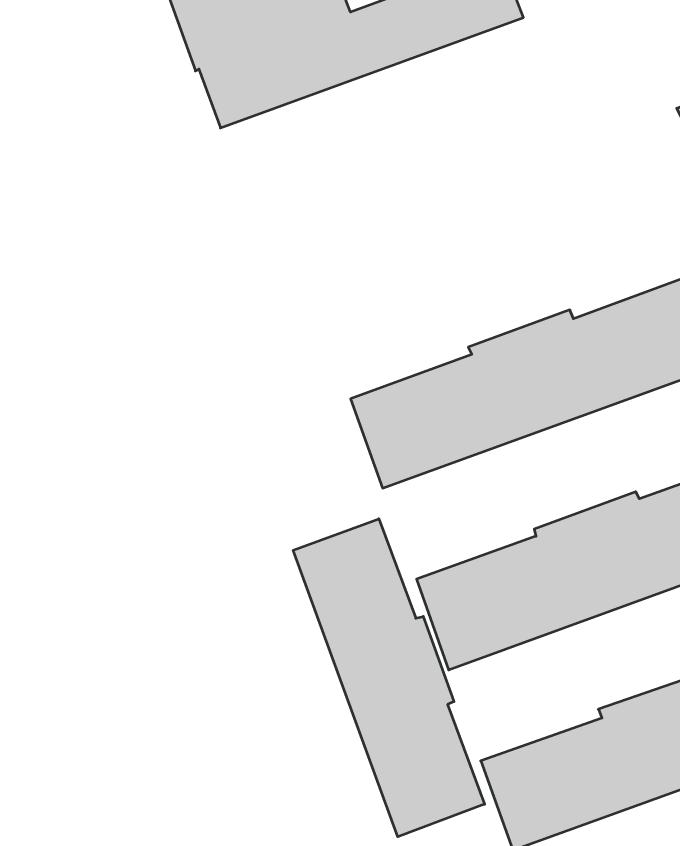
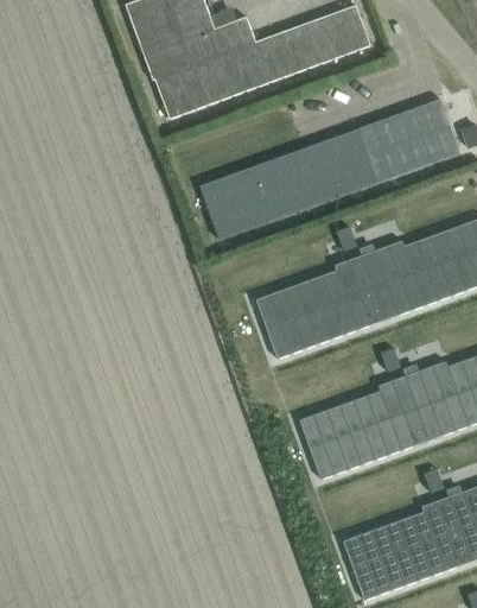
building: none -> [199,100,457,240]
building: [293,519,485,837] -> none

